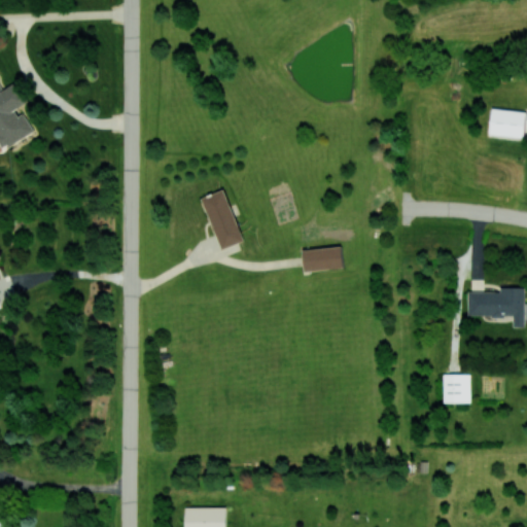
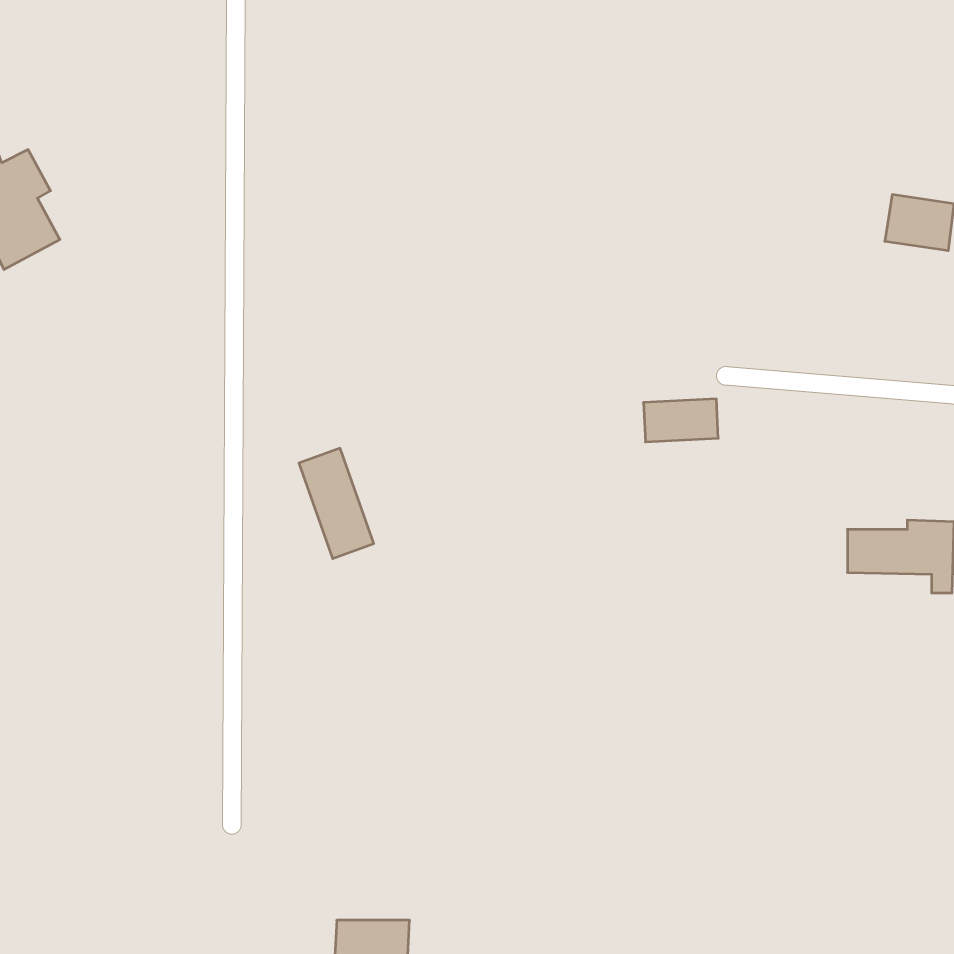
building: [201,189,242,250] -> [299,448,374,559]
building: [302,247,343,271] -> [643,399,718,442]
building: [443,375,470,402] -> none

